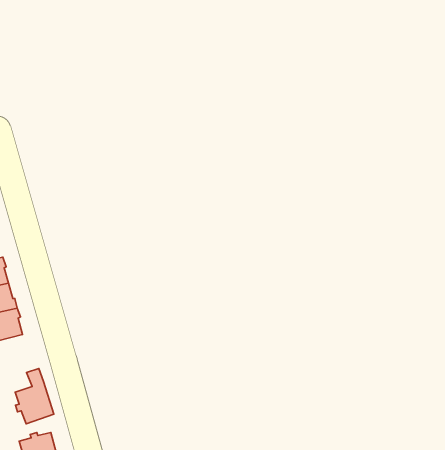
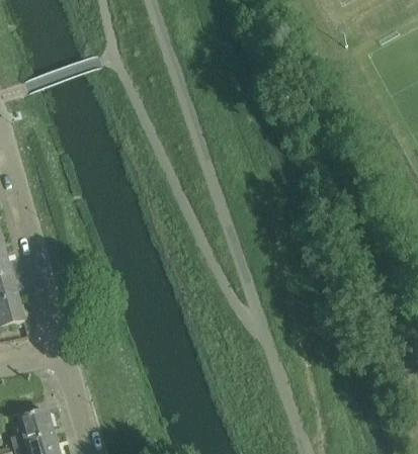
building: [15,369,54,424] -> none

